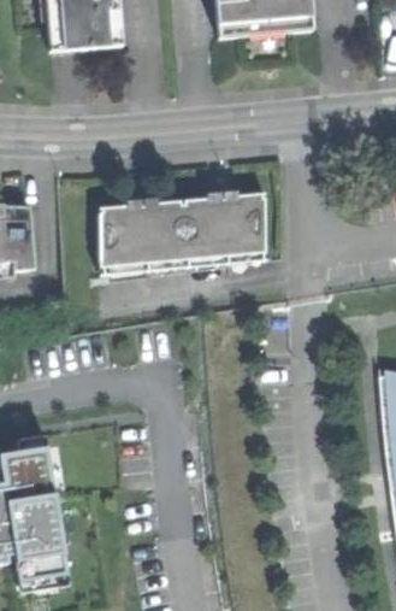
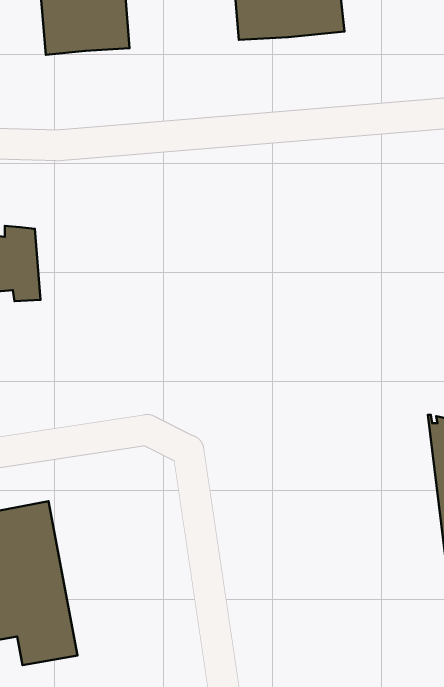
building: [100,193,267,266] -> none

